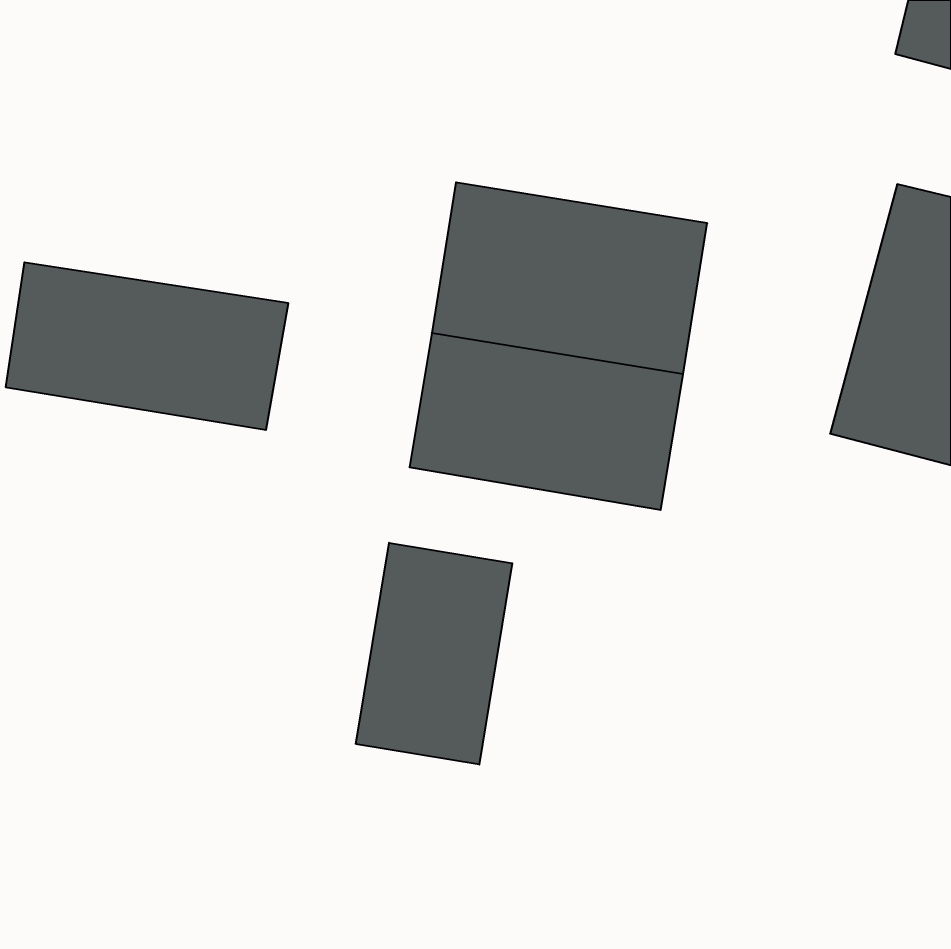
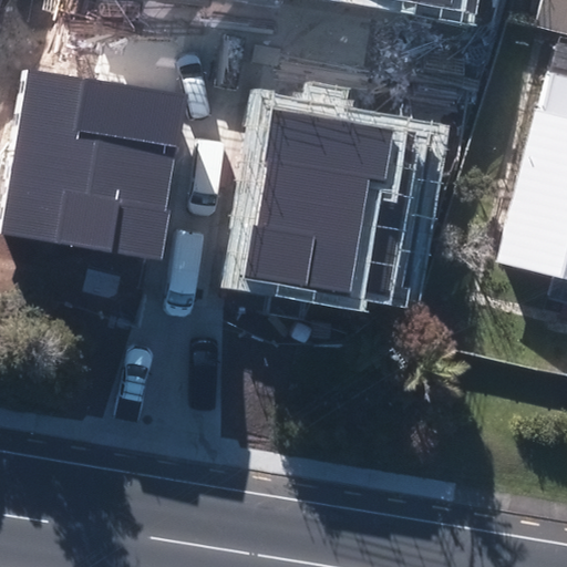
building: none -> [14,71,185,182]
building: [356,543,512,765] -> none

